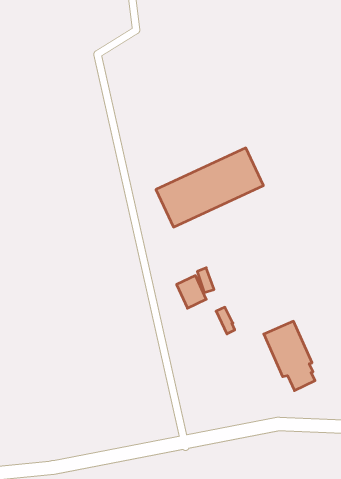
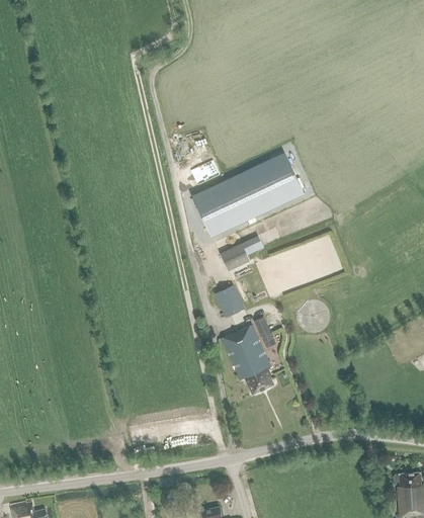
building: none -> [220,244,250,272]
building: [264,321,315,391] -> [221,325,273,396]

